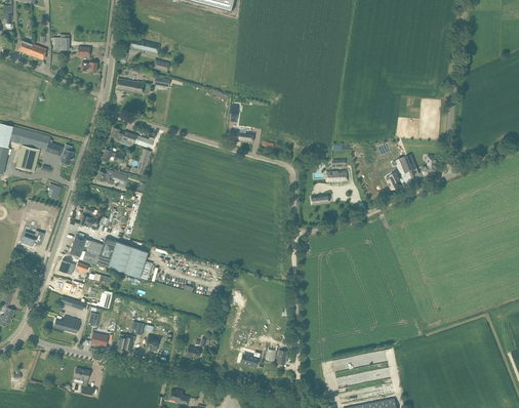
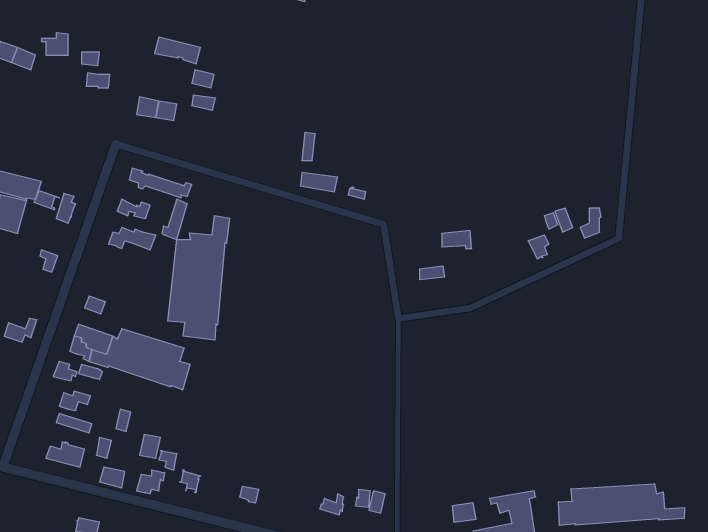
building: none -> [168,216,229,340]
building: none -> [558,484,684,525]

